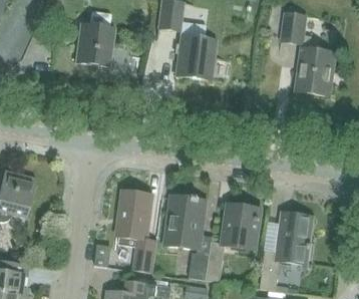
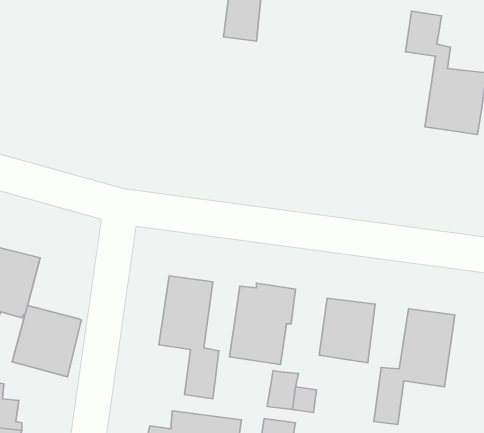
building: [73,12,114,67] -> none
building: [177,29,220,81] -> none
building: none -> [12,306,82,377]

